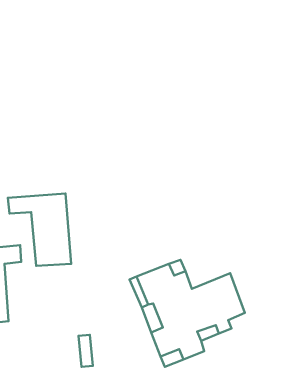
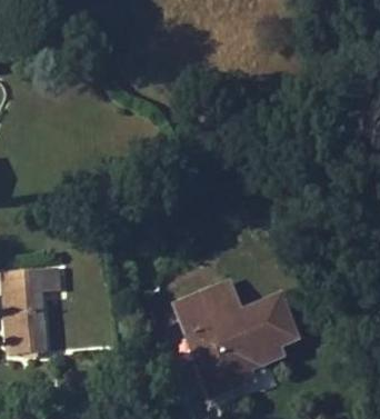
building: [8,194,71,266] -> none

